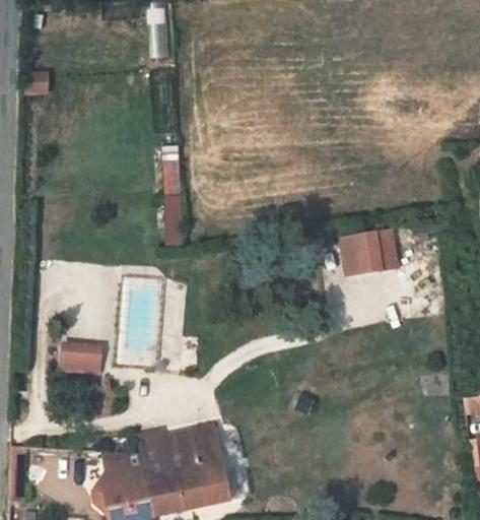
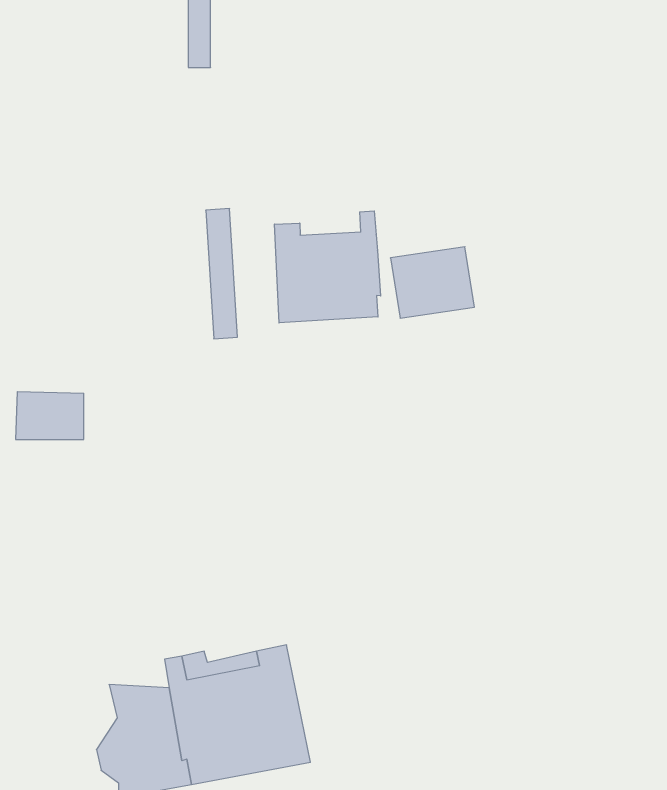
building: none -> [275,211,381,323]
building: [345,231,399,276] -> [390,247,474,318]
building: [57,342,100,373] -> [16,392,84,439]

